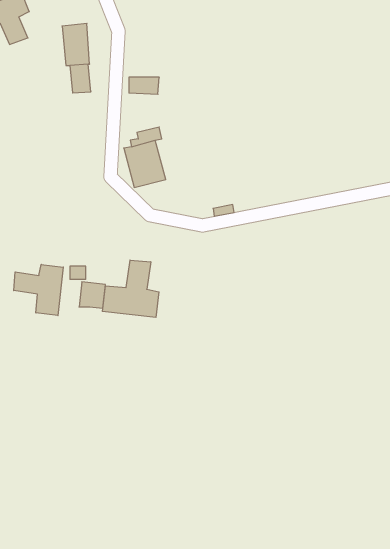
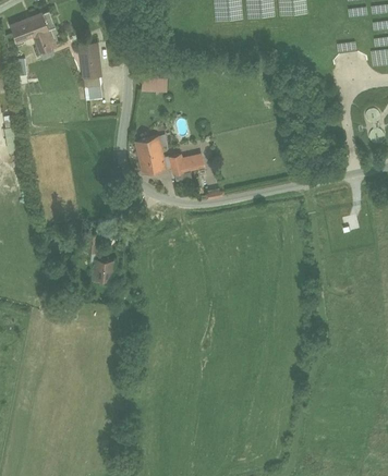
building: none -> [172,152,205,174]
building: [102,260,159,317] -> none
building: [14,264,63,316] -> none

